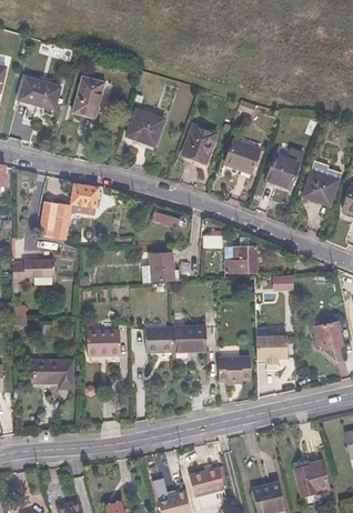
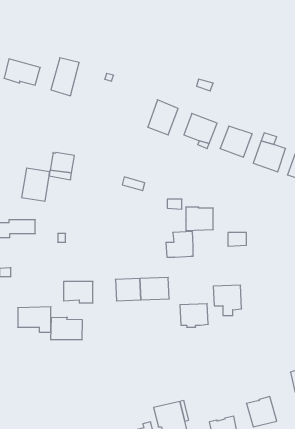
building: [125,108,164,145] -> none
building: [142,253,173,282] -> [166,232,193,257]
building: [314,321,343,349] -> none
building: none -> [51,317,82,340]

